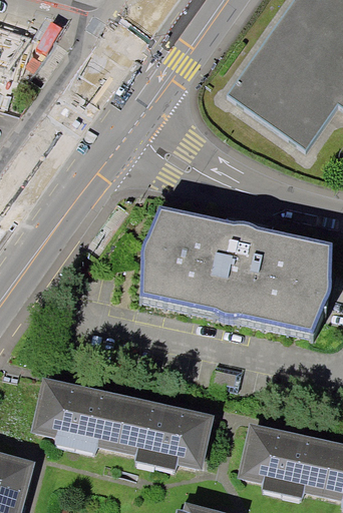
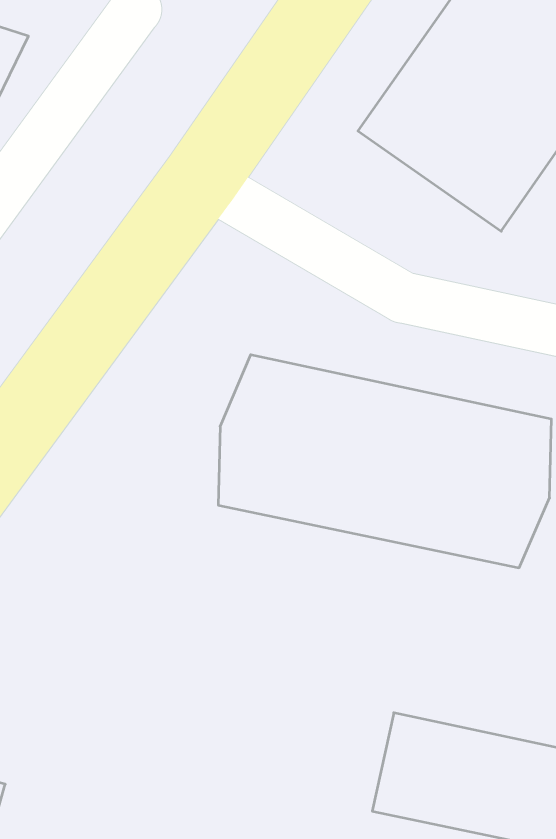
building: [28,377,209,466] -> none

